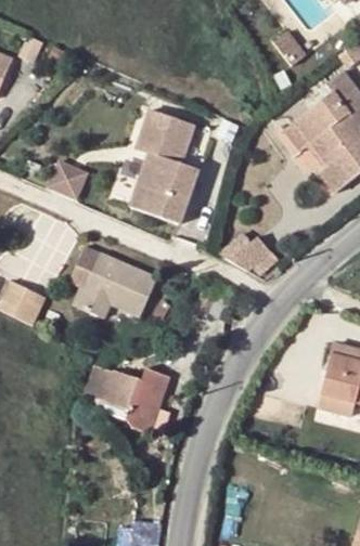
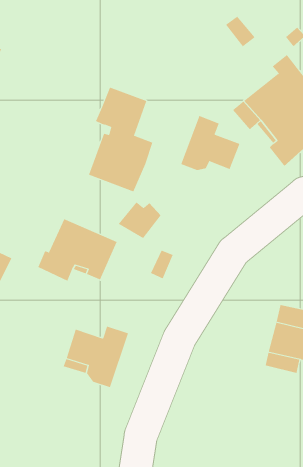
building: none -> [181,115,240,171]
building: [51,160,88,196] -> none
building: [223,240,270,281] -> [118,201,162,239]

